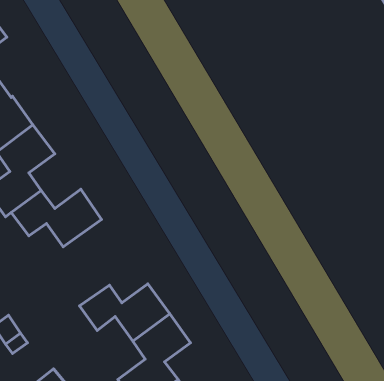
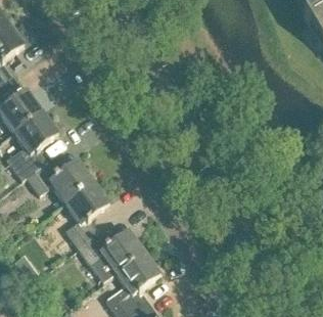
building: none -> [64,180,109,244]

